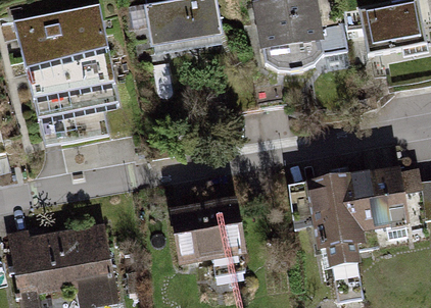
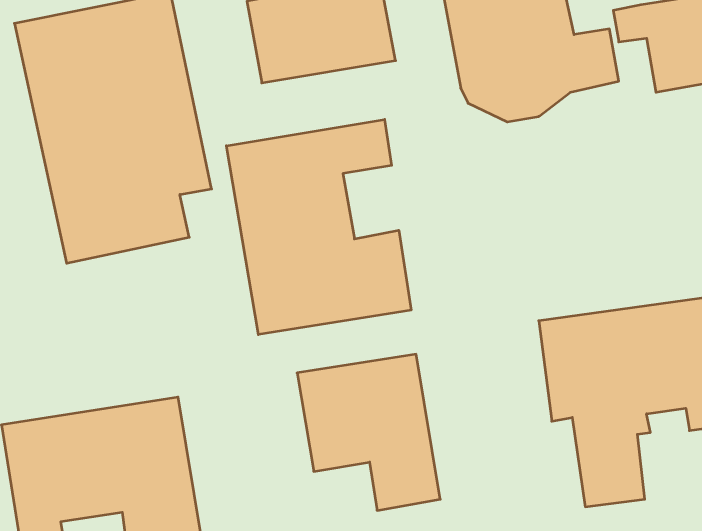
building: none -> [226,119,411,335]

